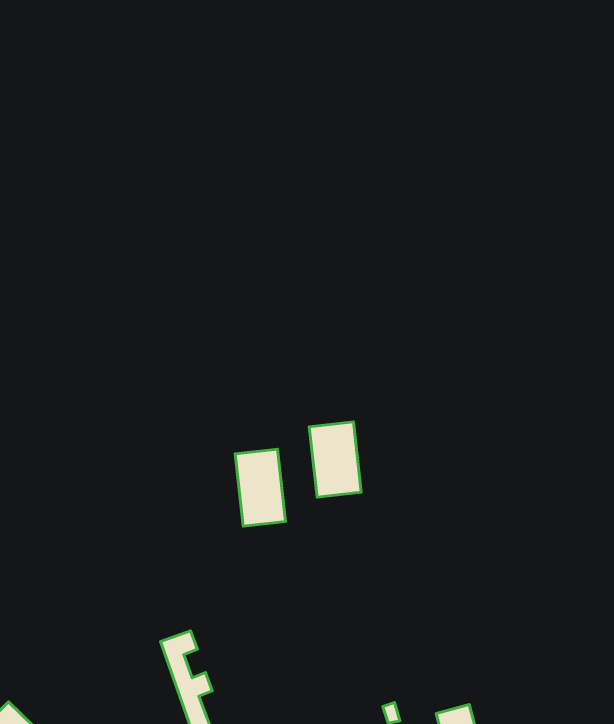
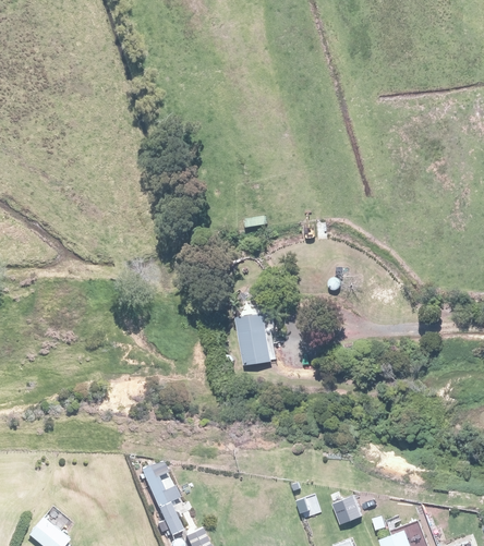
building: [235,449,285,526] -> none

